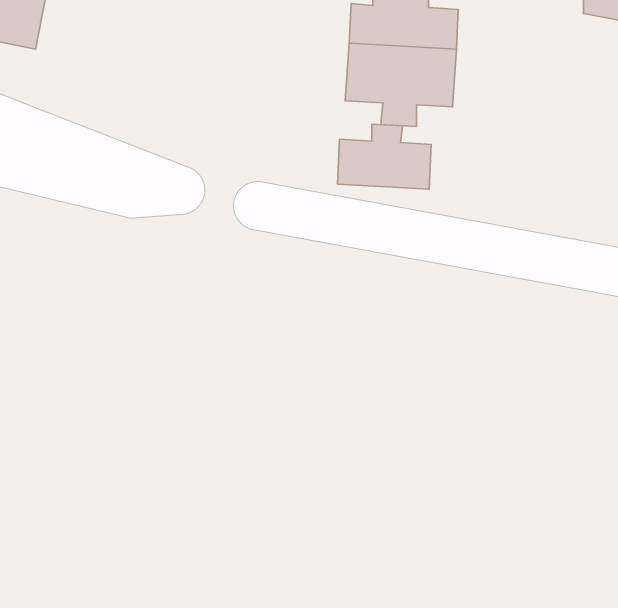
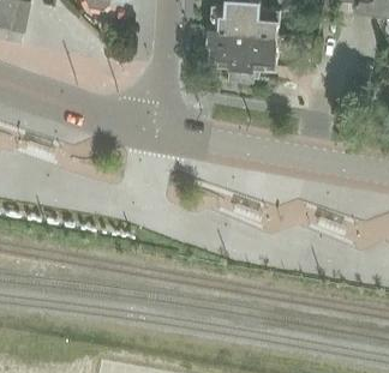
building: [338,124,431,189] -> none

